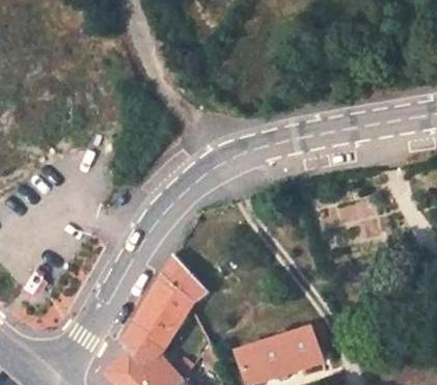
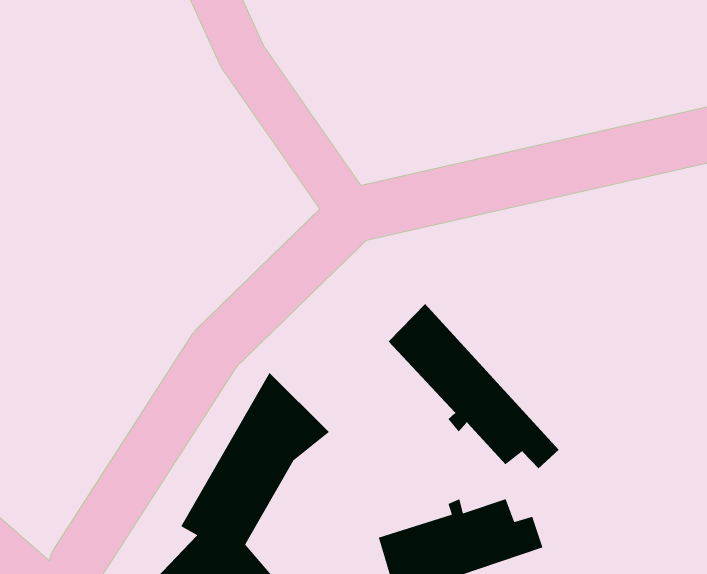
building: none -> [388,303,559,469]

